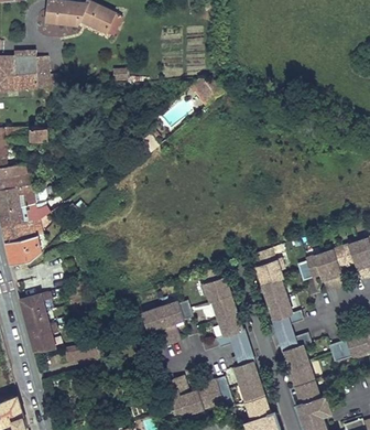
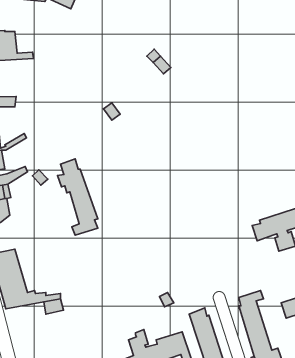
building: [254,249,302,329] -> none
building: [199,267,242,348] -> [57,159,98,235]
building: [141,301,192,347] -> none

